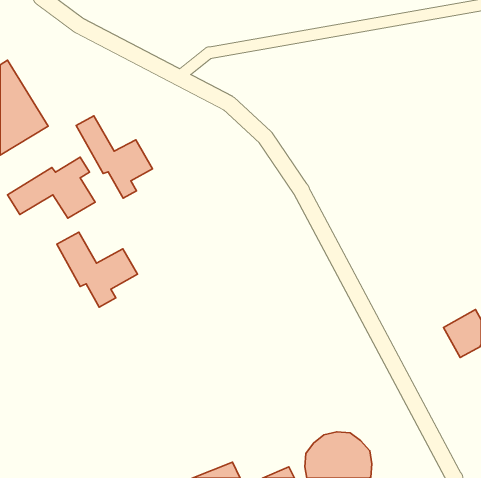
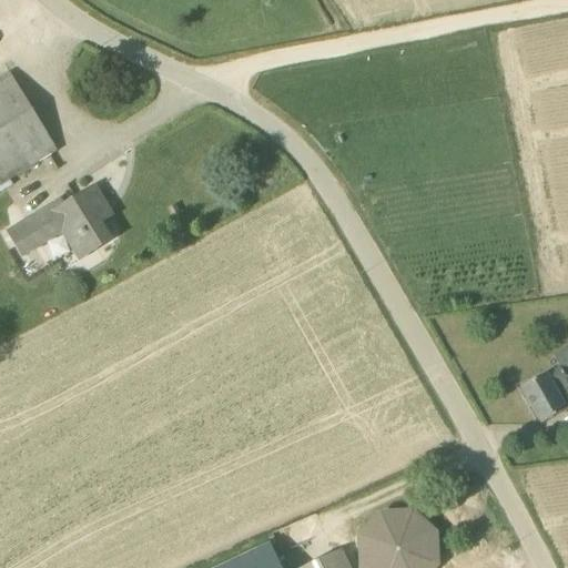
building: [76,116,153,198] -> none
building: [57,232,138,307] -> none

